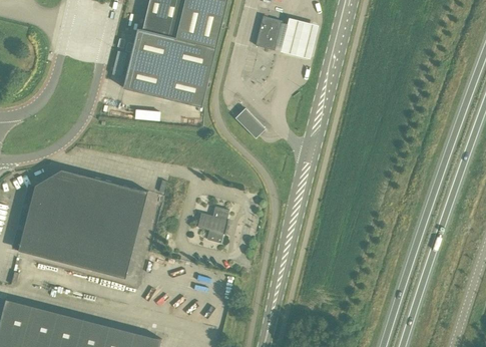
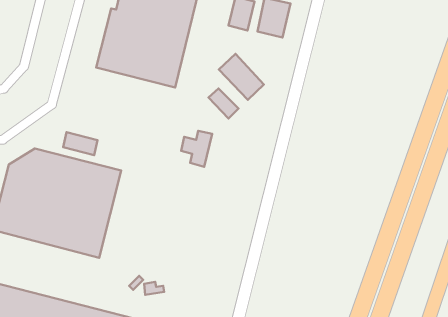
building: none -> [219,54,264,100]
building: none -> [63,132,98,155]
building: [197,207,228,243] -> [181,131,212,167]

